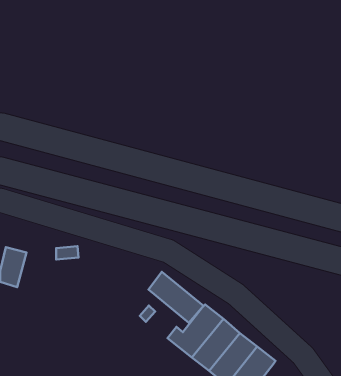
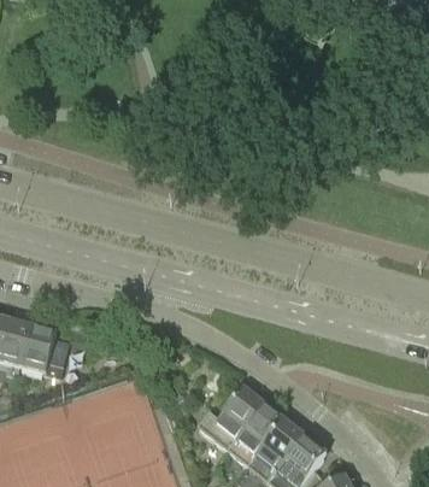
building: none -> [20,323,69,376]
building: [148,272,204,323] -> none

